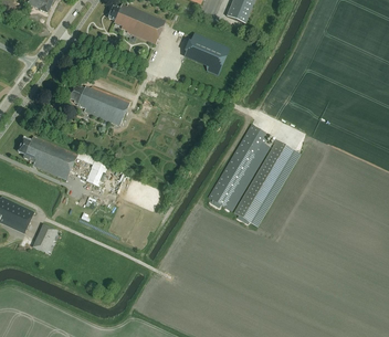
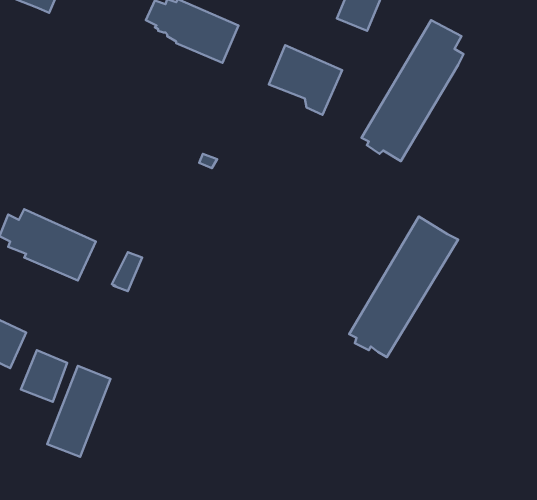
building: [67,84,129,125] -> none
building: [207,124,270,211] -> [362,20,463,161]
building: none -> [47,366,111,457]

